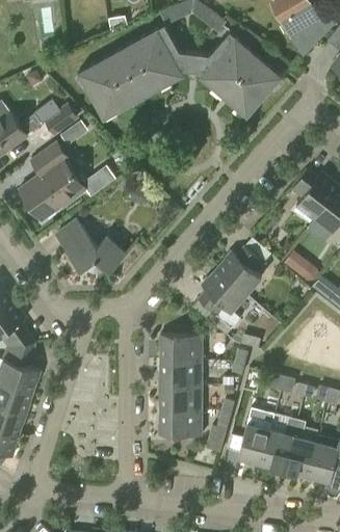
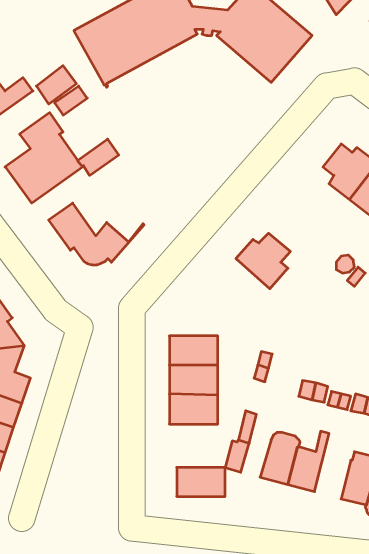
building: [198,269,245,328] -> none
building: [159,411,201,436] -> [177,467,225,496]
building: [284,420,315,476] -> none

